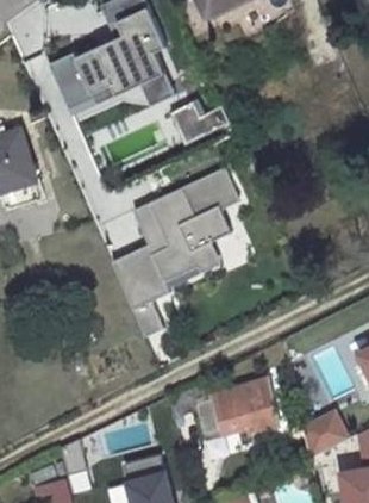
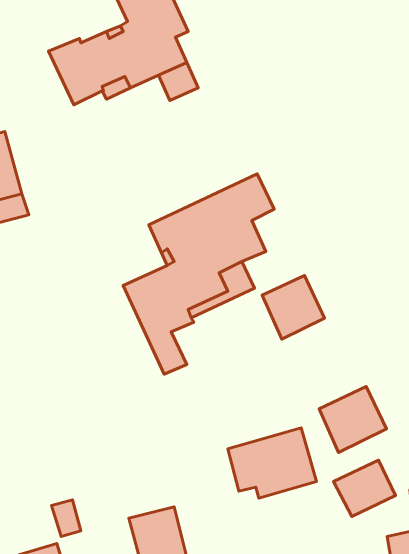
building: [175,100,233,142] -> none
building: none -> [262,276,325,339]
building: none -> [319,386,386,452]

